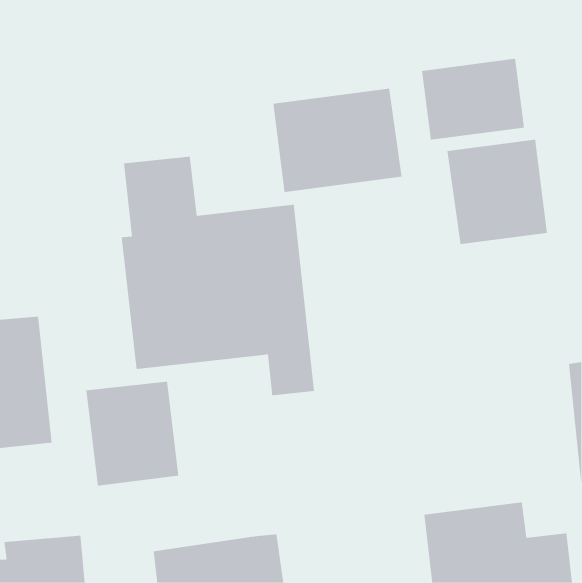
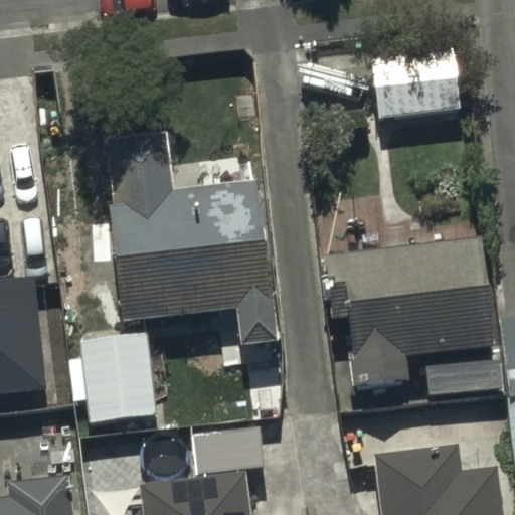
building: [273,88,402,193] -> none
building: [447,139,547,245] -> none
building: none -> [322,236,497,391]

